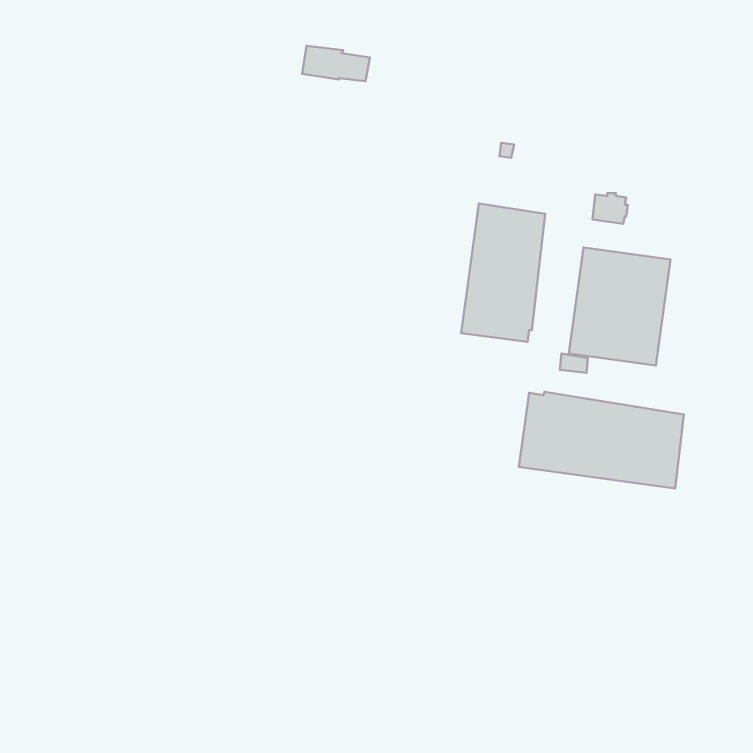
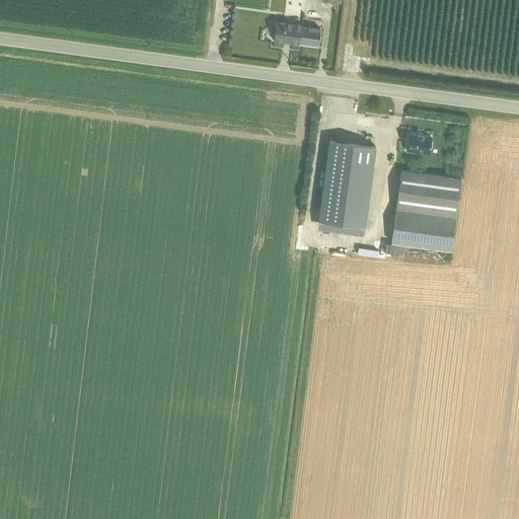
building: [302,46,370,81] -> [274,21,320,46]
building: [519,392,684,489] -> none

